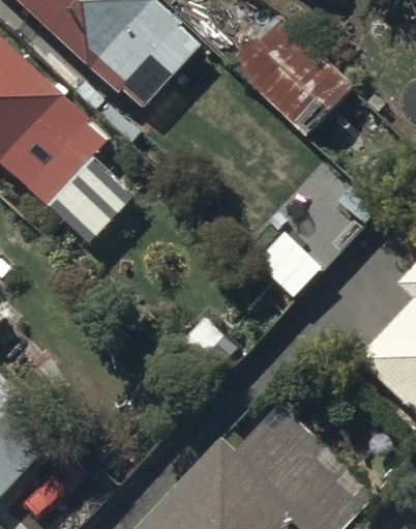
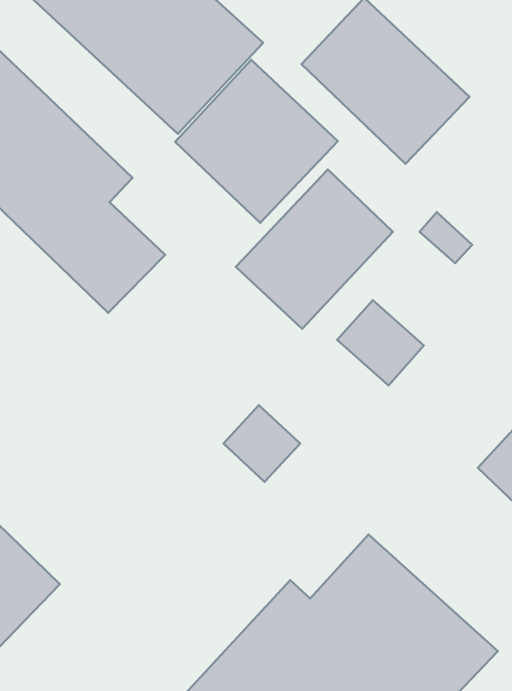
building: none -> [175,60,338,223]
building: none -> [236,170,393,329]

